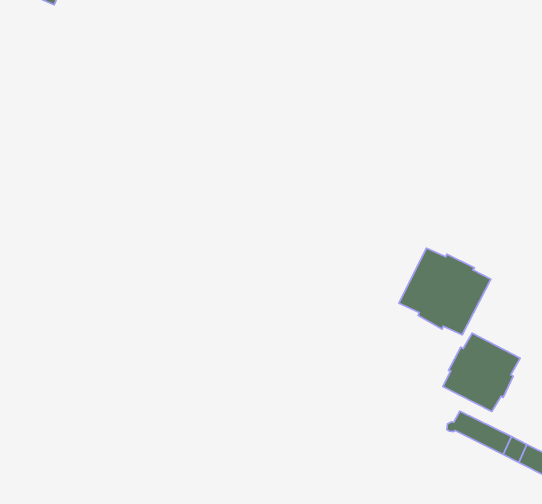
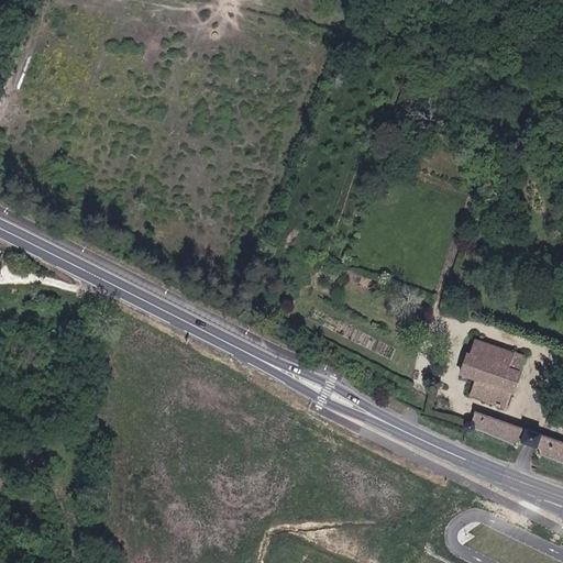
building: [399,248,491,335] -> none

